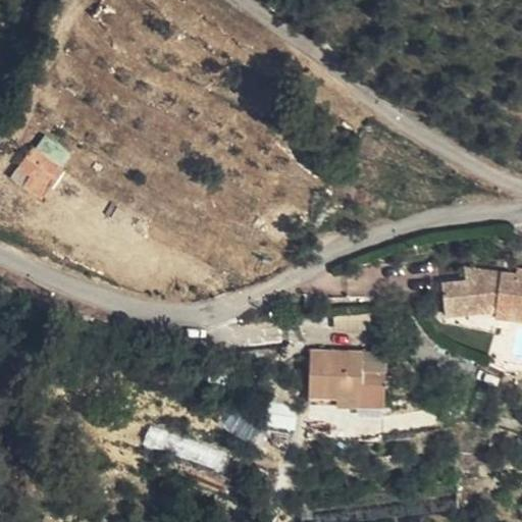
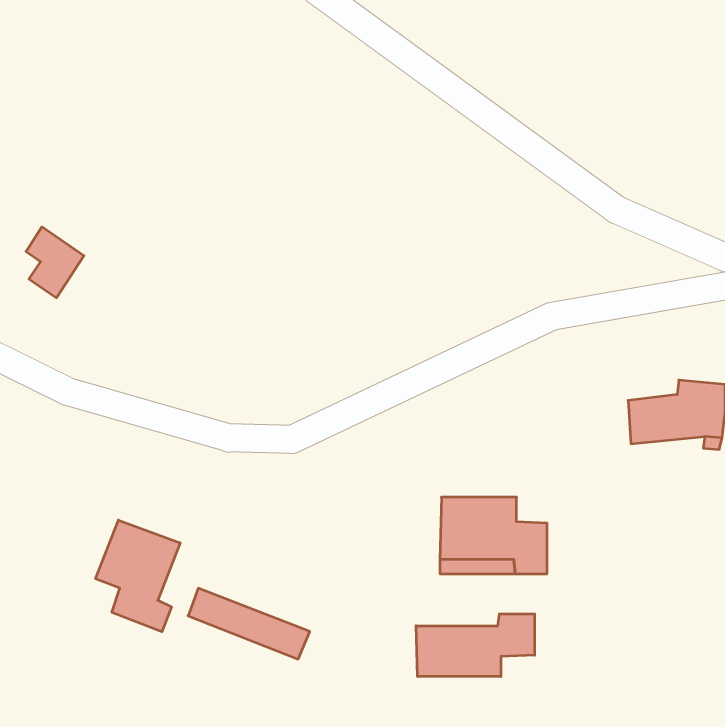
building: none -> [96,520,180,632]
building: none -> [416,614,535,677]

